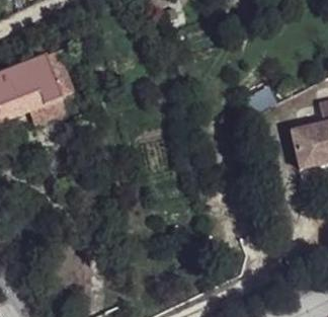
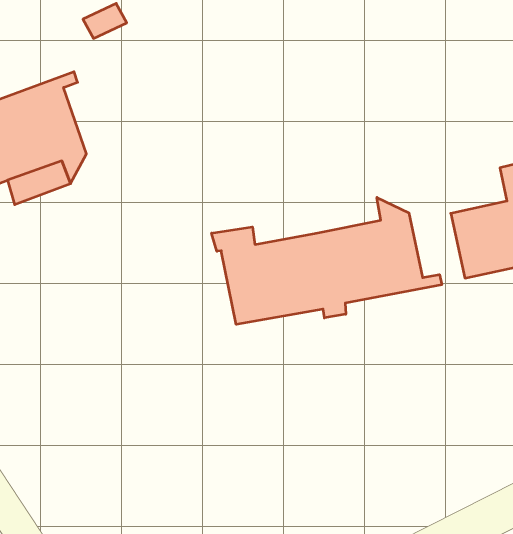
building: none -> [212,197,442,324]

